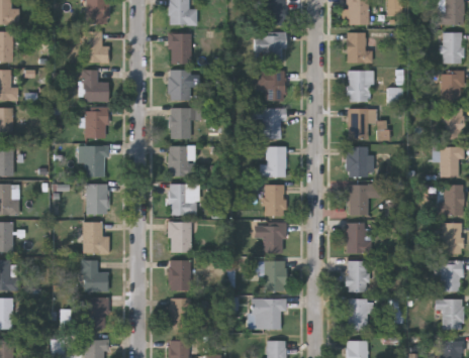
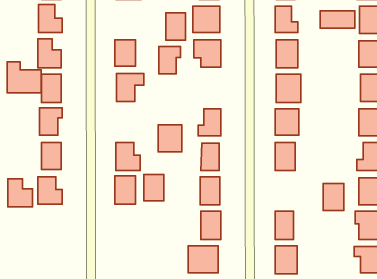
building: [169,33,191,64] -> [166,13,186,40]
building: none -> [320,11,355,28]
building: none -> [7,62,41,93]
building: [262,108,286,138] -> [159,47,181,74]
building: [168,145,194,175] -> [158,125,182,152]
building: [346,223,369,253] -> [323,183,344,211]
building: [82,260,109,291] -> [8,179,32,207]
building: [168,260,190,289] -> [144,175,164,201]
building: [169,297,192,329] -> none
building: [84,299,107,328] -> none

